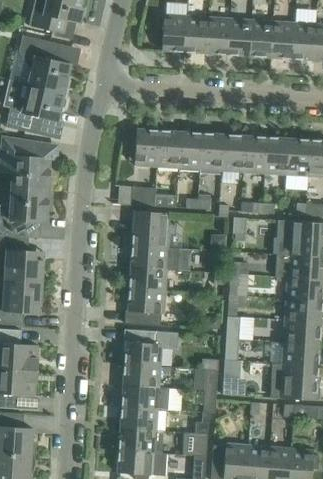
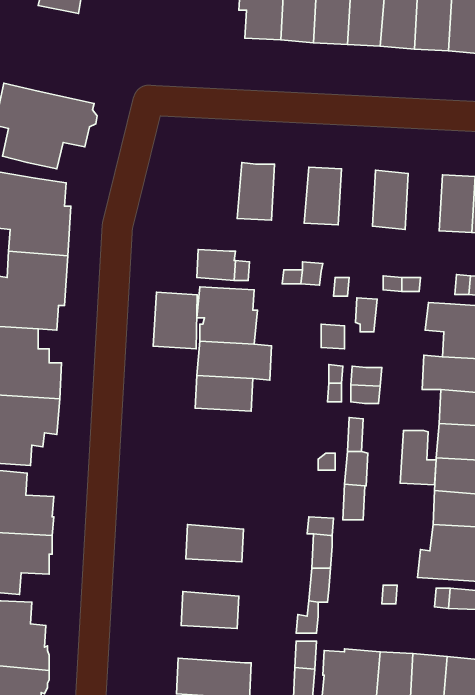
building: [19,35,72,92] -> none
building: [129,129,160,166] -> none
building: [179,131,203,169] -> none
building: [222,134,246,171] -> none
building: [265,137,289,174] -> none
building: none -> [153,292,197,349]
building: [125,288,166,325] -> none
building: [124,329,179,366] -> none
building: [223,360,246,395] -> [400,430,436,485]
building: [122,385,169,409] -> none
building: [119,428,163,452] -> none

